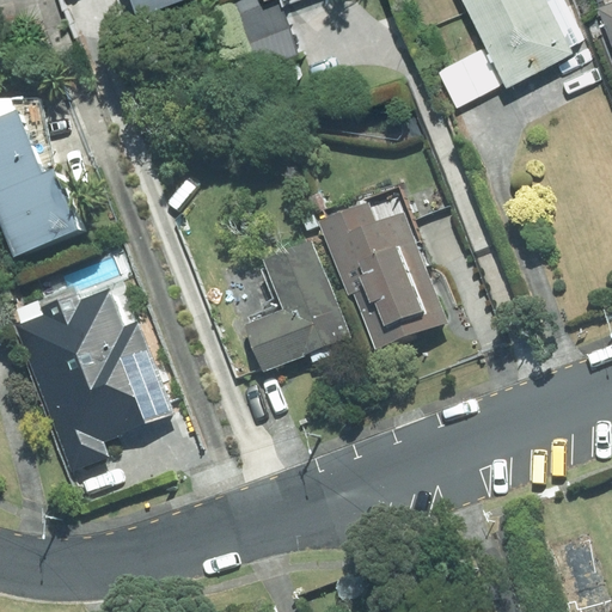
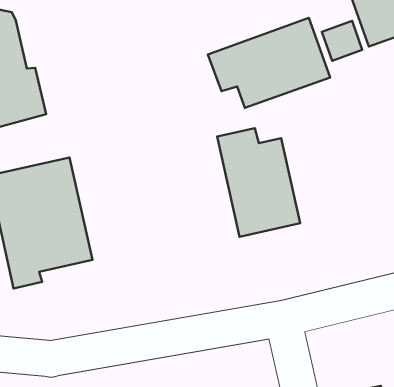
building: none -> [208,18,330,108]
building: [240,243,347,374] -> none

